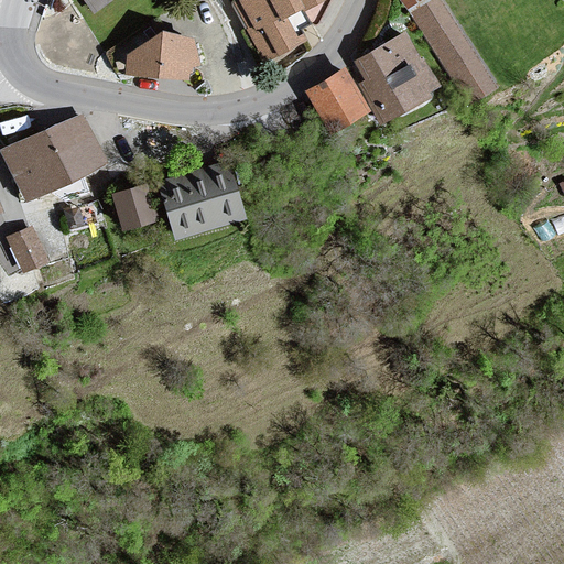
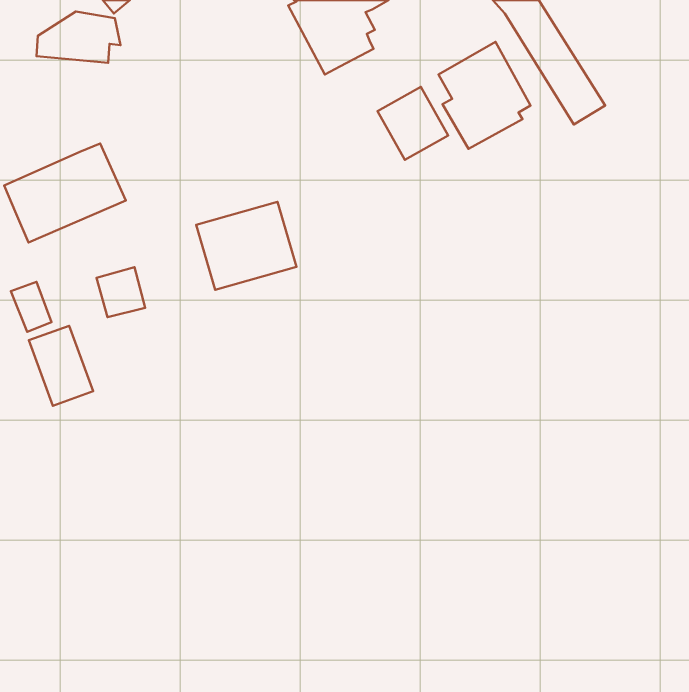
building: [128,35,196,77] -> [36,11,120,63]
building: [113,186,153,227] -> [97,267,145,317]
building: none -> [29,326,93,406]

